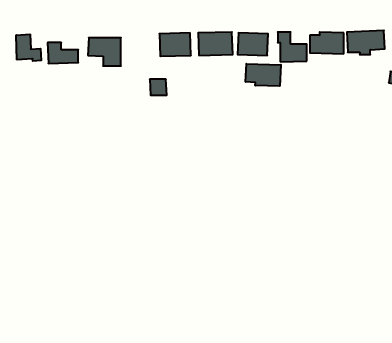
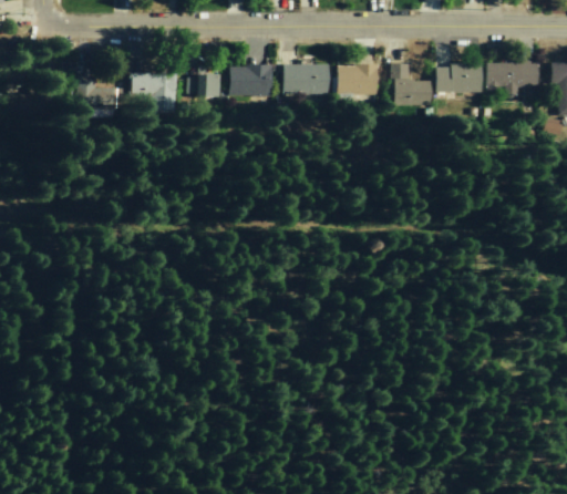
building: [16,34,41,61] -> none
building: [246,64,281,86] -> none
building: [150,79,167,95] -> [197,74,220,96]

